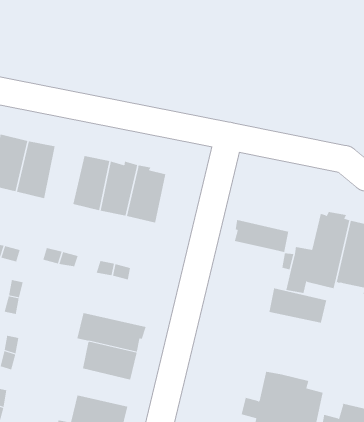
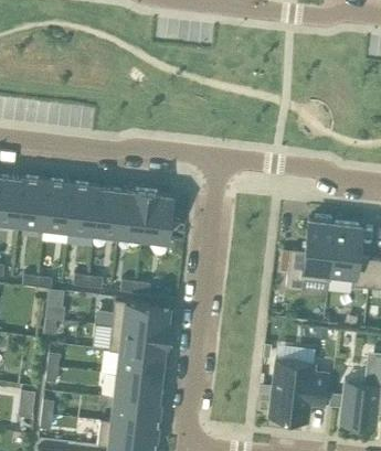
building: none -> [70,186,99,235]
building: [234,219,289,253] -> none
building: none -> [113,301,170,334]
building: [269,287,327,323] -> none
building: none -> [115,376,160,405]

